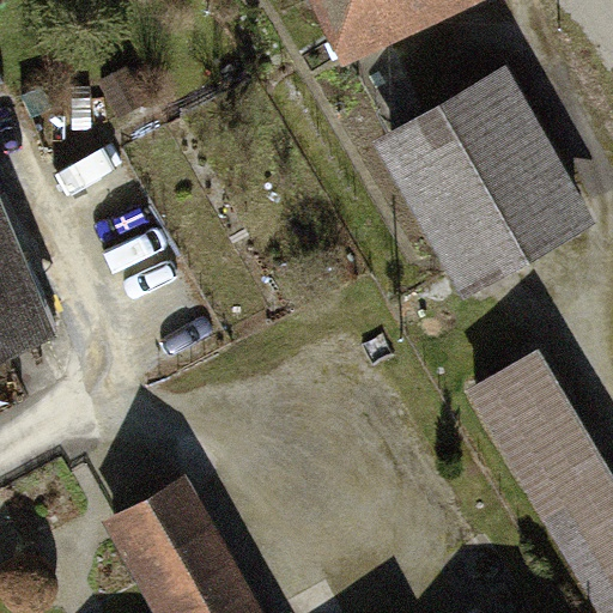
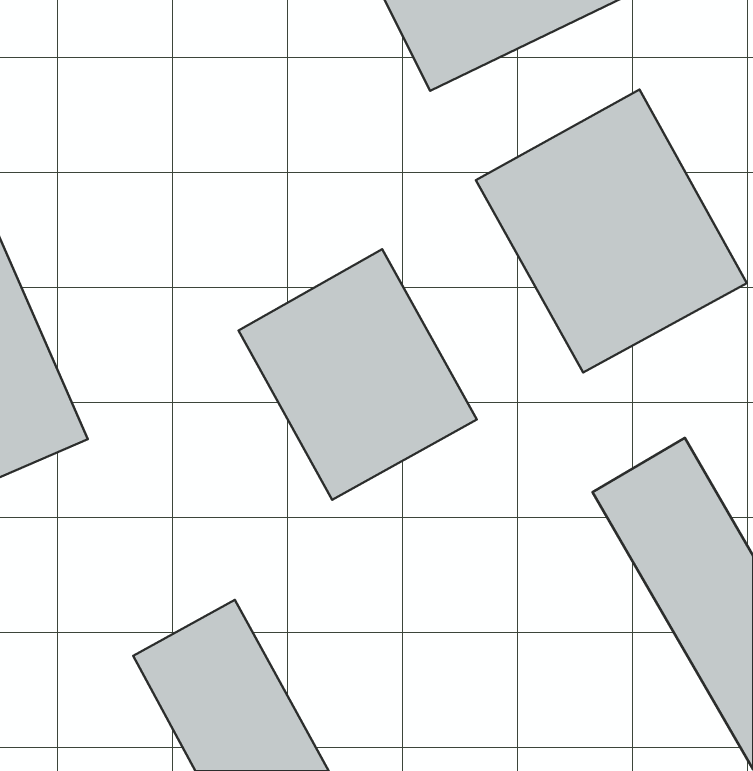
building: none -> [238,249,477,500]

